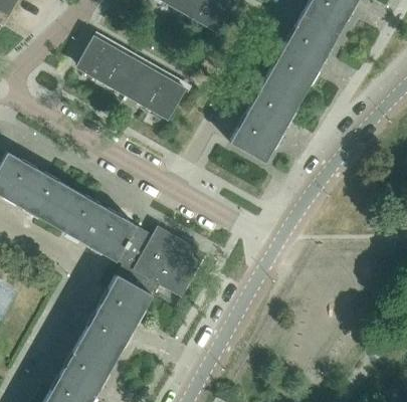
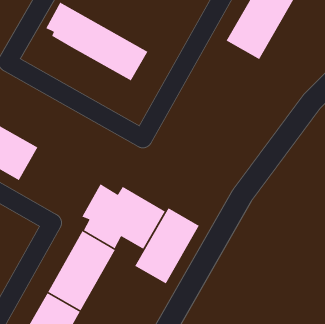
building: [230,77,301,162] -> none
building: [51,188,136,259] -> none
building: none -> [134,207,200,285]

